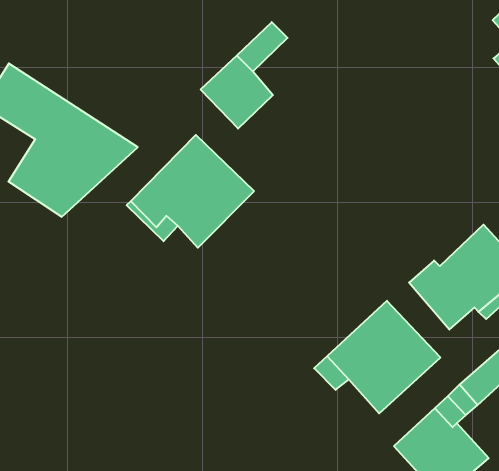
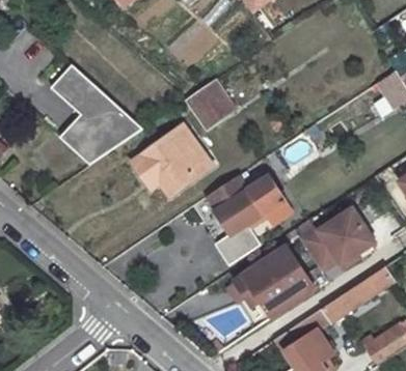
building: none -> [206,175,285,262]

